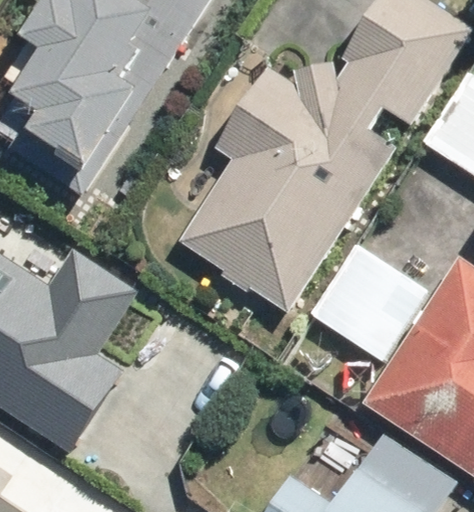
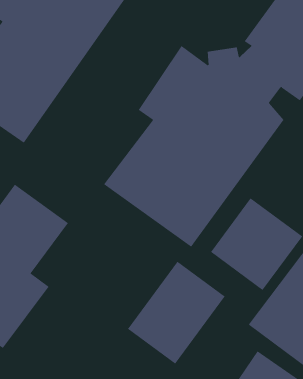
building: none -> [127,261,226,365]

